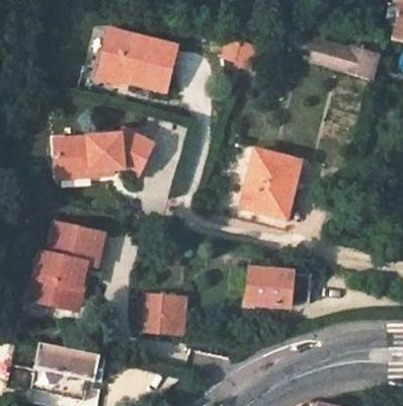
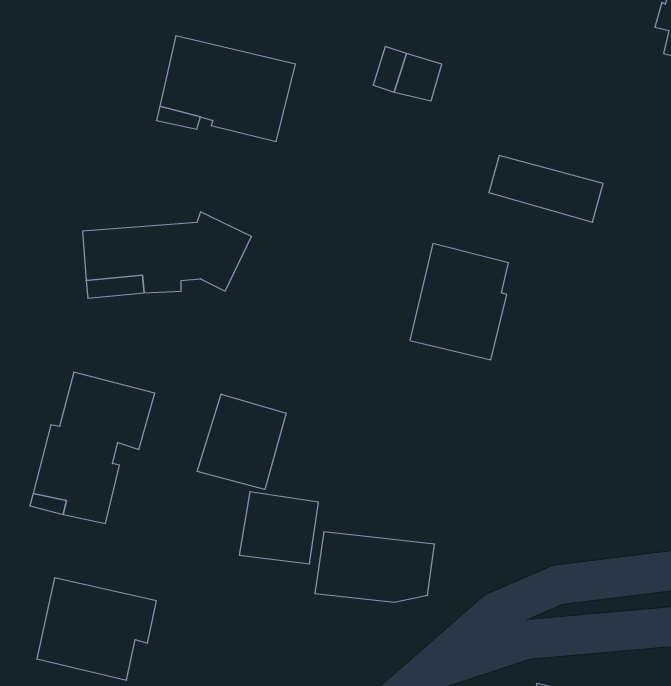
building: [312,38,378,77] -> [489,155,603,222]
building: none -> [197,394,286,489]
building: [241,266,310,307] -> [315,532,435,602]

